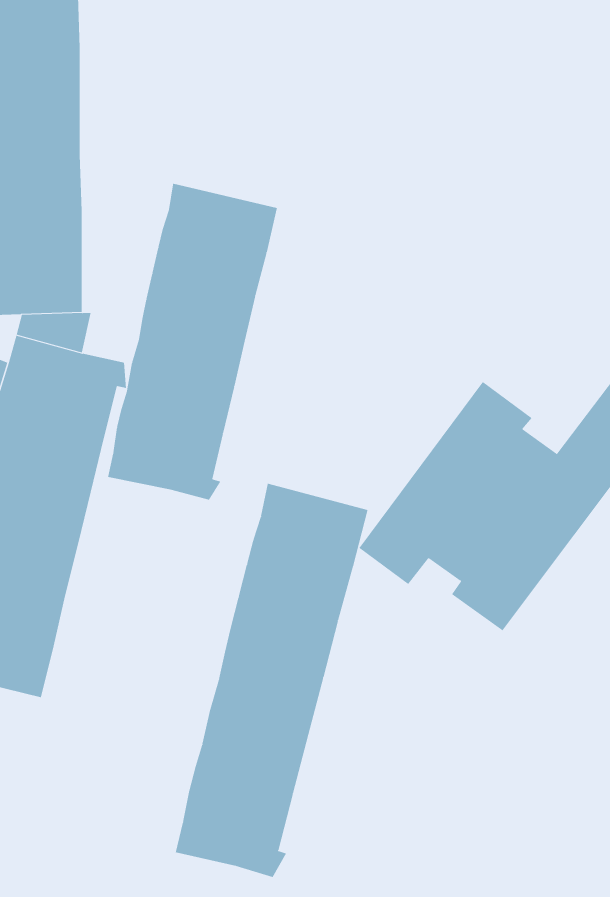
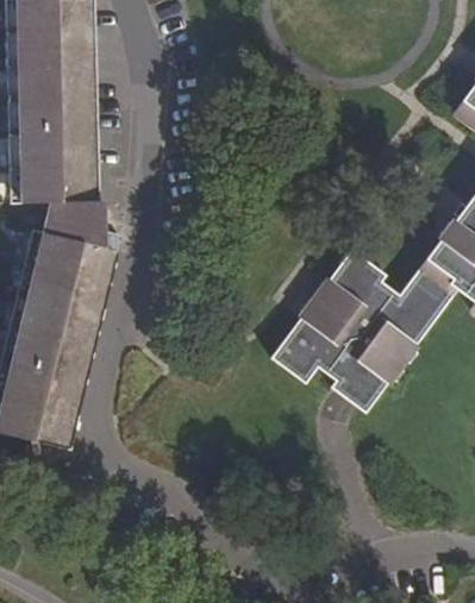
building: [108,183,278,500] -> none
building: [175,483,368,878] -> none

